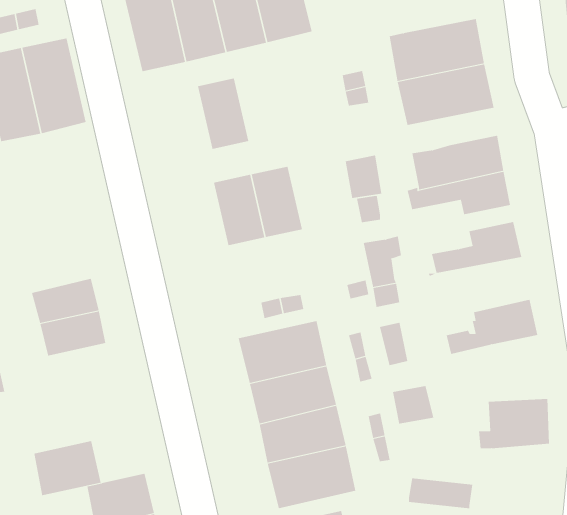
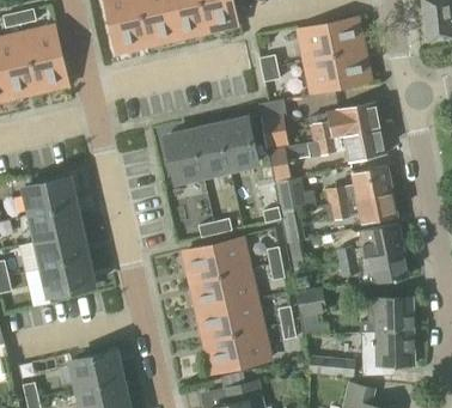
building: [197,78,249,149] -> [220,118,258,171]
building: none -> [25,177,75,218]
building: none -> [324,191,397,223]
building: none -> [340,249,409,285]
building: [33,440,102,496] -> [43,255,93,296]
building: none -> [361,329,415,366]

